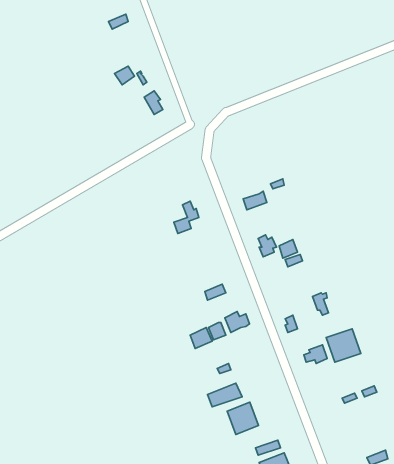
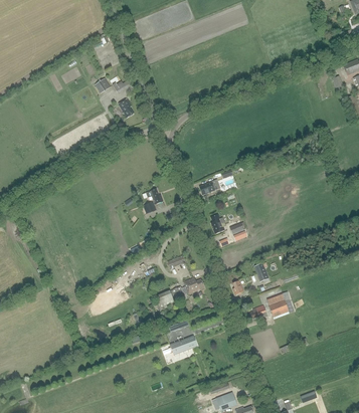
building: [227,402,259,434] -> none

